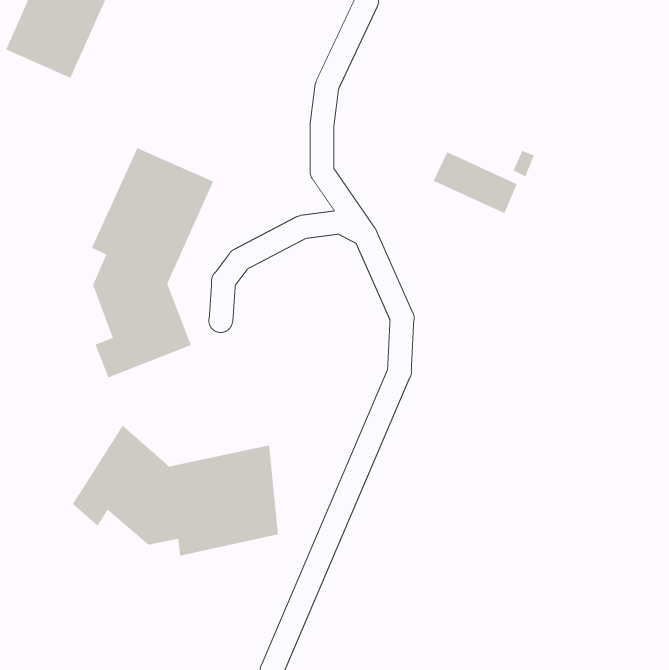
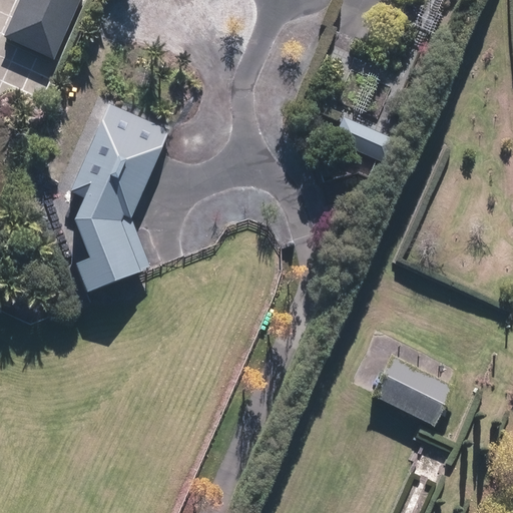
building: [72,425,279,556] -> none
building: none -> [372,355,454,426]

